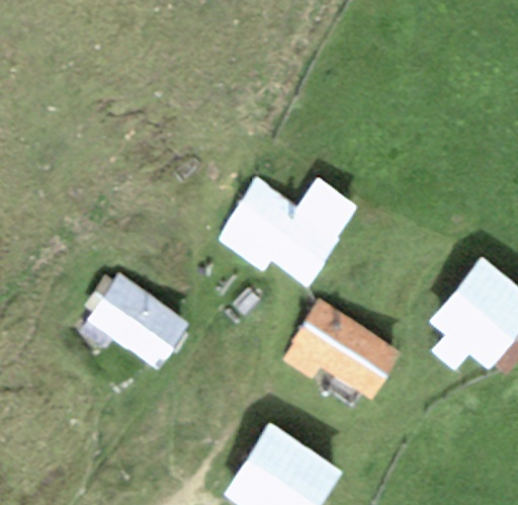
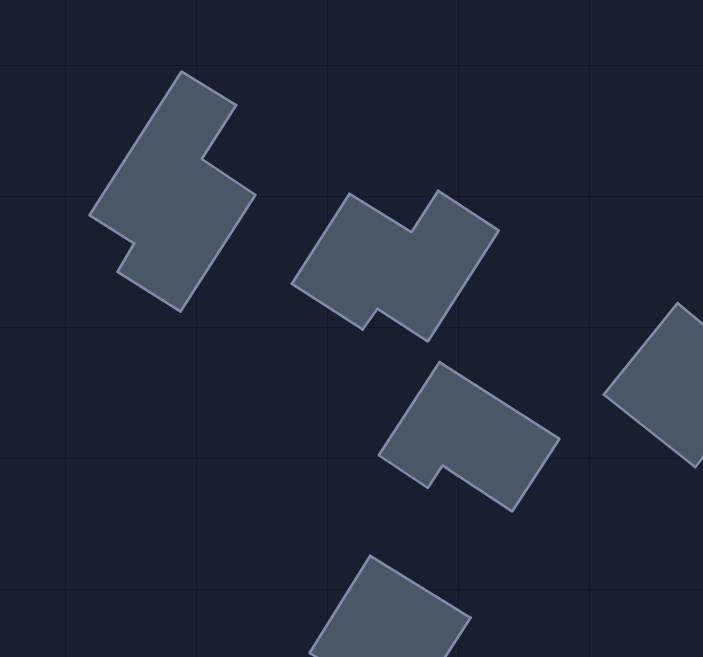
building: none -> [90,72,255,312]
building: [90,276,190,368] -> none

